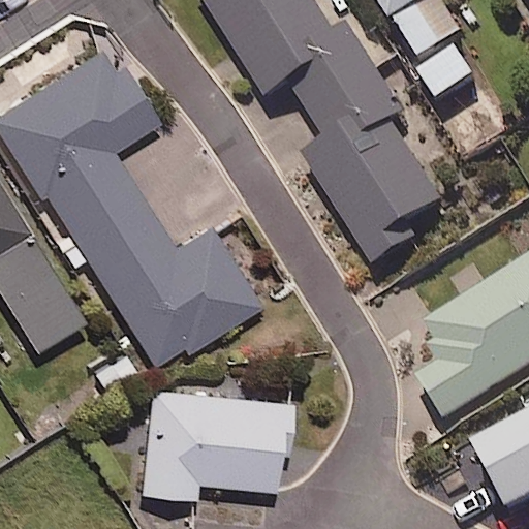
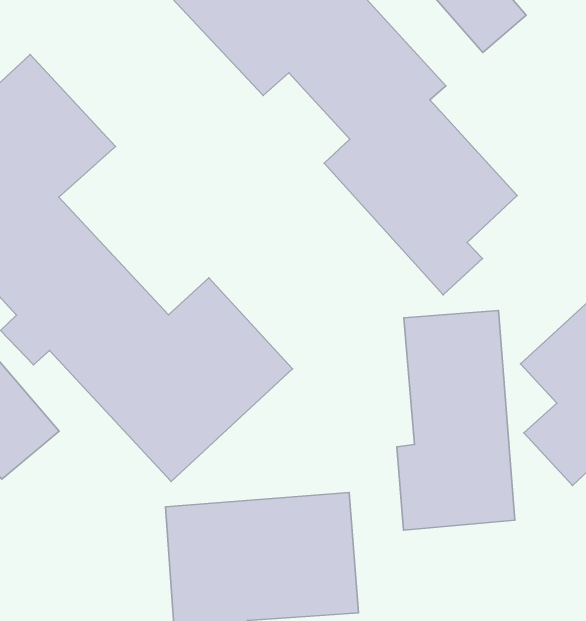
building: none -> [397,310,515,530]

